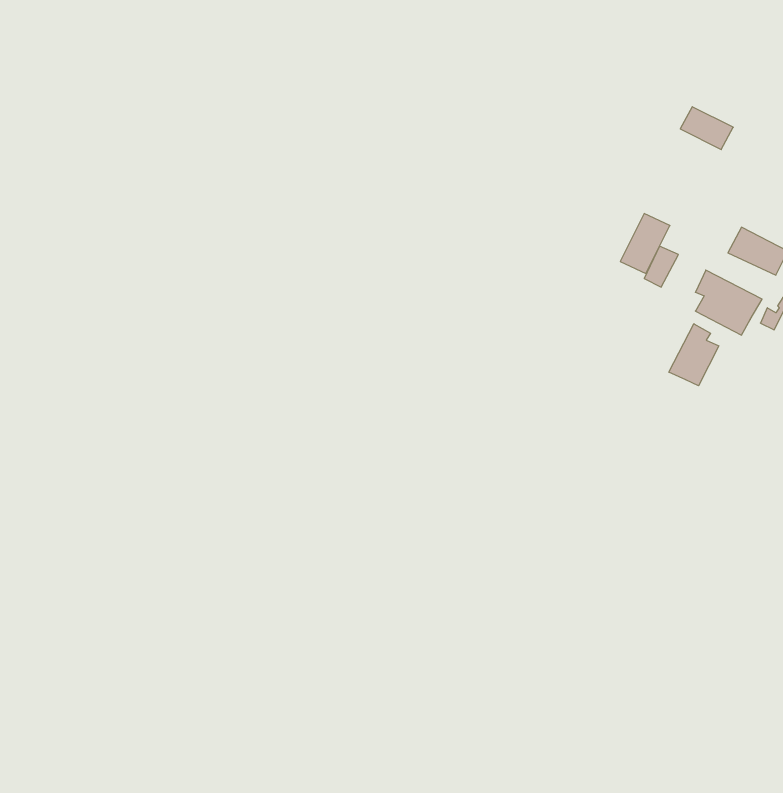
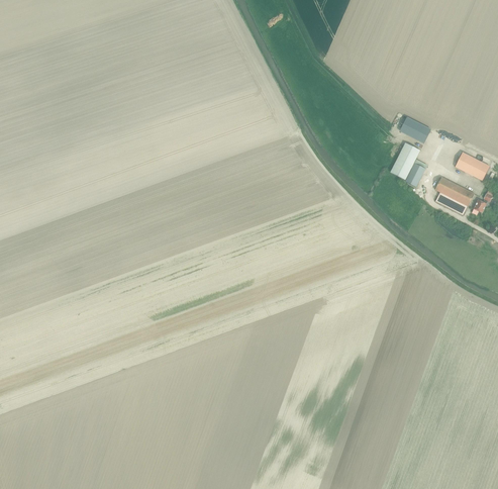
building: [680,107,733,150] -> [399,117,430,142]
building: [669,324,719,386] -> none

